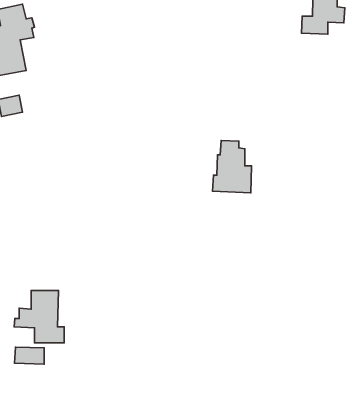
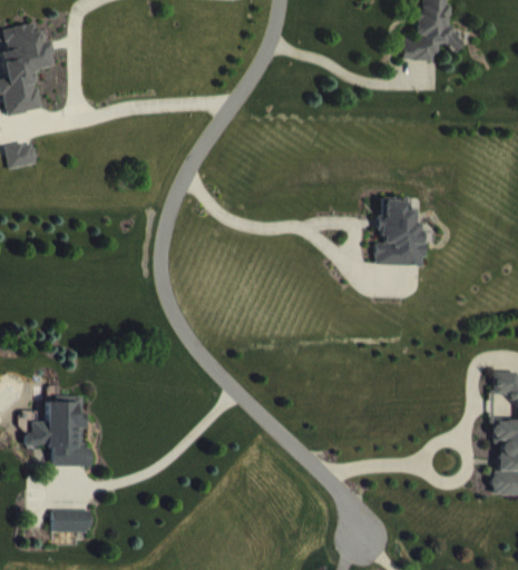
building: [213,140,252,193] -> [373,197,424,266]
building: [15,347,44,364] -> [51,510,90,532]

